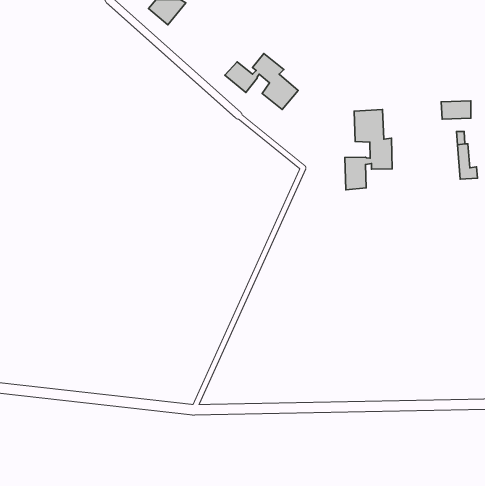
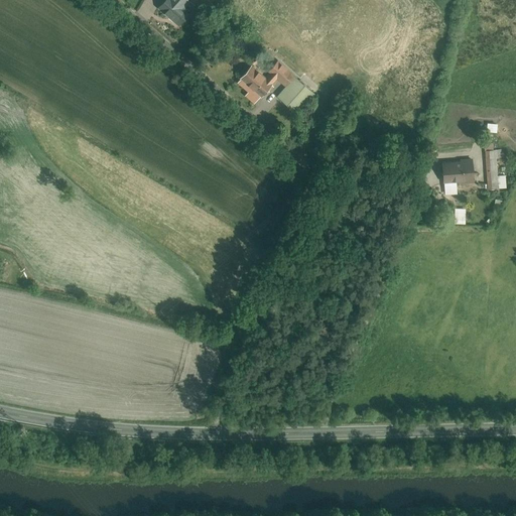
building: [441,101,471,119] -> [441,163,473,182]
building: [345,110,392,190] -> none

